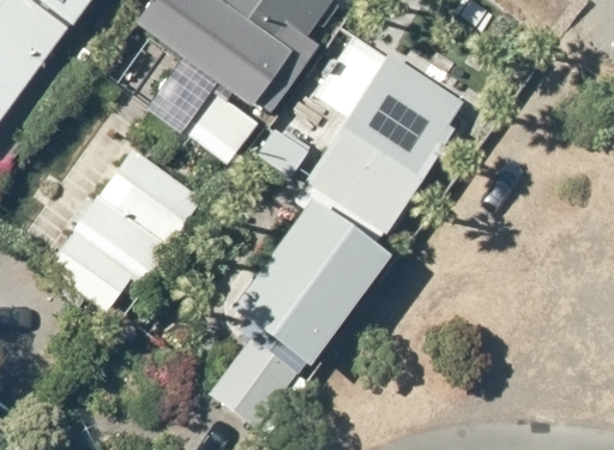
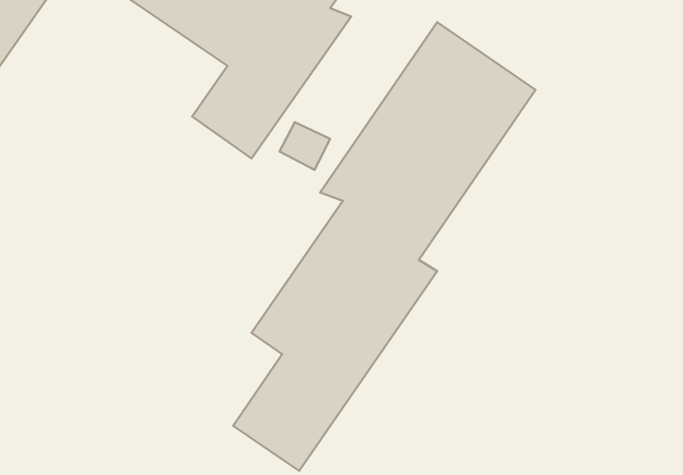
building: [42,149,201,320] -> none

